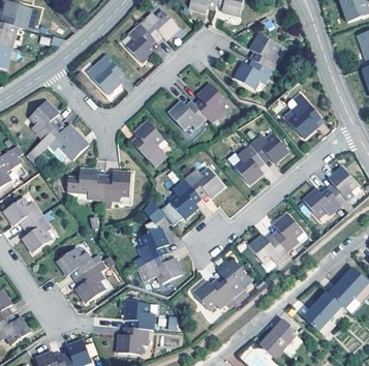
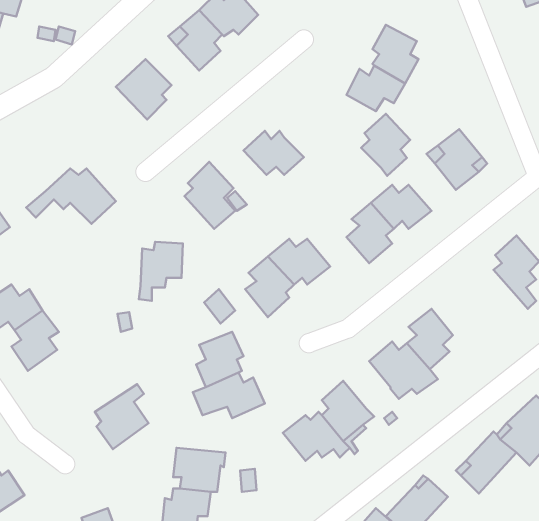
building: [194,83,225,122] -> [361,114,410,176]
building: [30,100,60,139] -> none
building: [68,169,104,199] -> none
building: [303,187,341,216] -> none
building: [56,247,101,278] -> none

